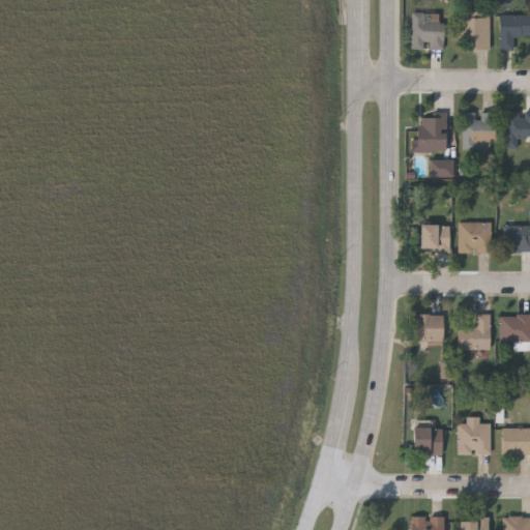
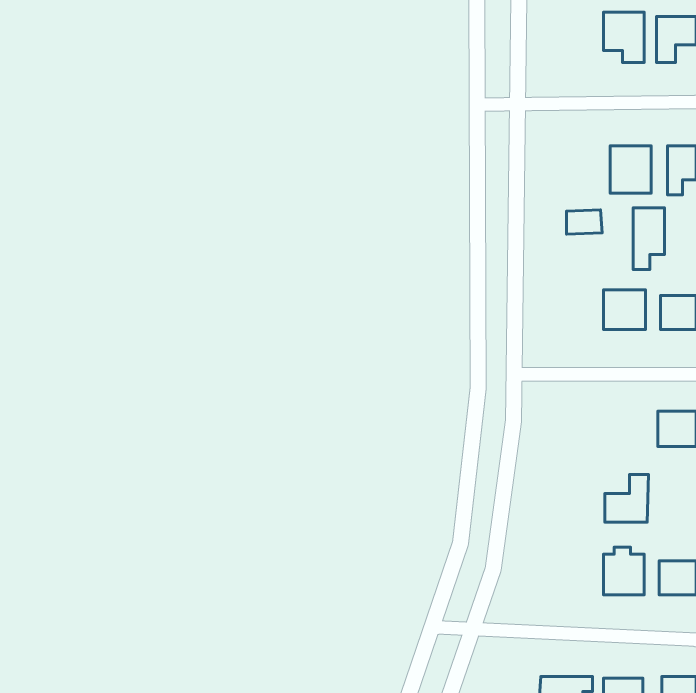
building: [411,12,444,50] -> none
building: [412,116,446,152] -> none
building: none -> [633,208,665,270]
building: [420,225,449,253] -> none
building: [458,314,491,350] -> [605,474,649,522]
building: [413,315,442,342] -> none
building: [413,428,442,453] -> none

